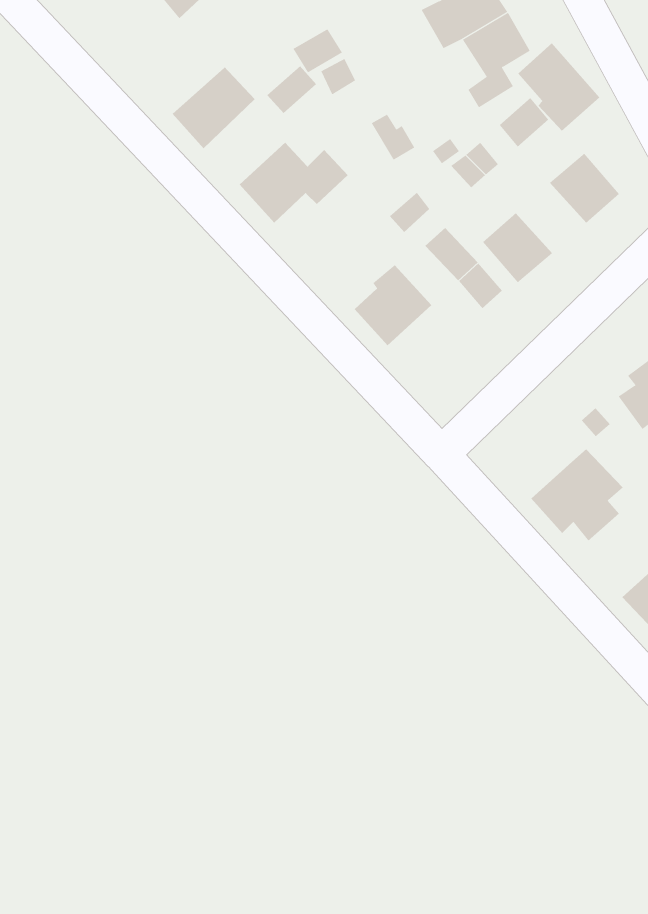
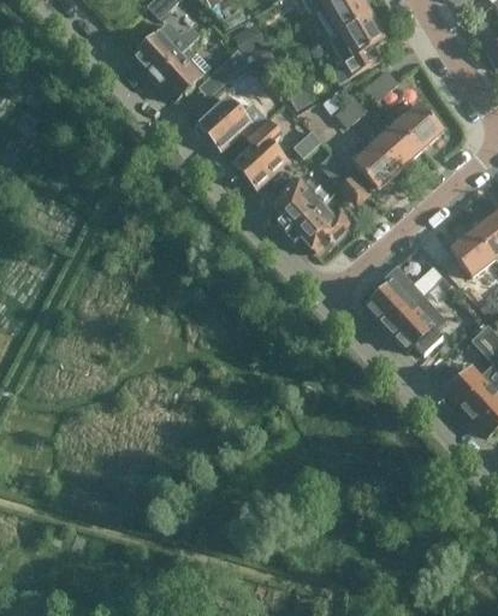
building: none -> [132,24,188,77]
building: [517,43,600,131] -> none
building: none -> [233,117,286,186]
building: none -> [377,122,422,167]
building: none -> [294,201,355,251]
building: none -> [366,279,413,326]

